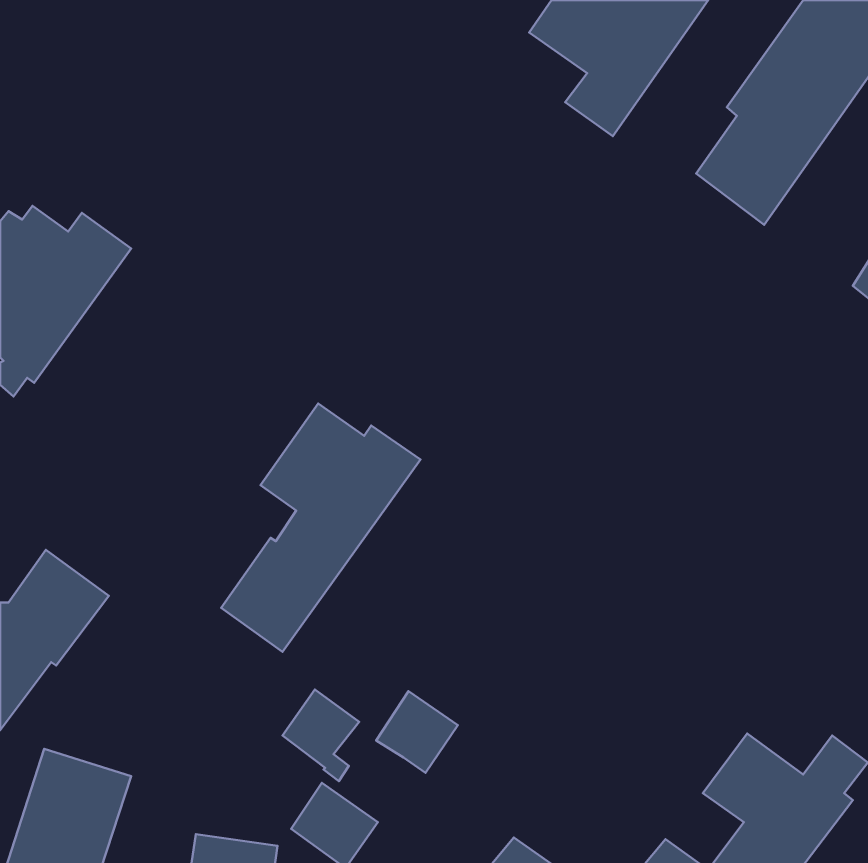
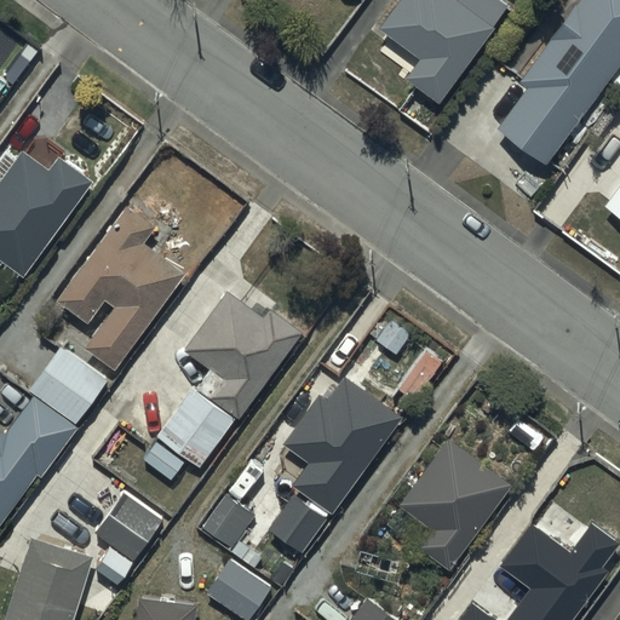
building: none -> [57,200,185,371]
building: none -> [29,346,108,424]
building: none -> [282,375,401,515]
building: none -> [398,440,510,570]
building: none -> [96,494,163,562]

